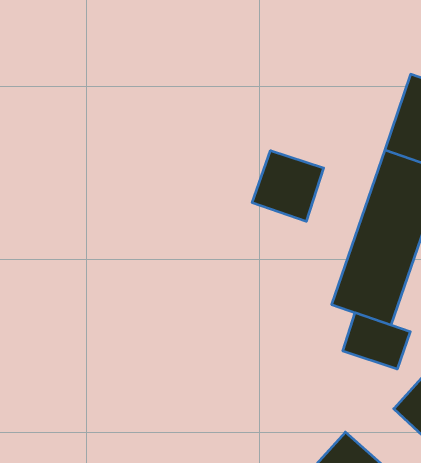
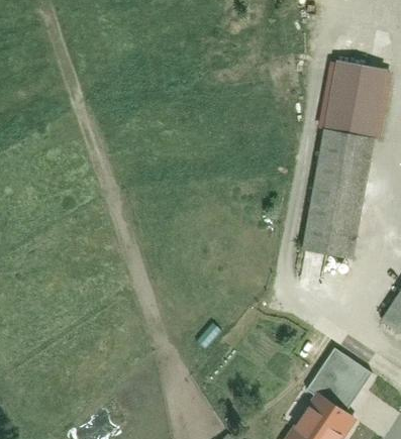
building: [252,151,324,221] -> none
building: [343,313,410,369] -> none

